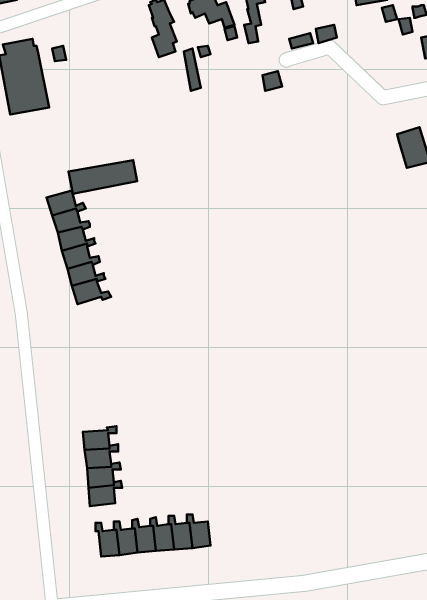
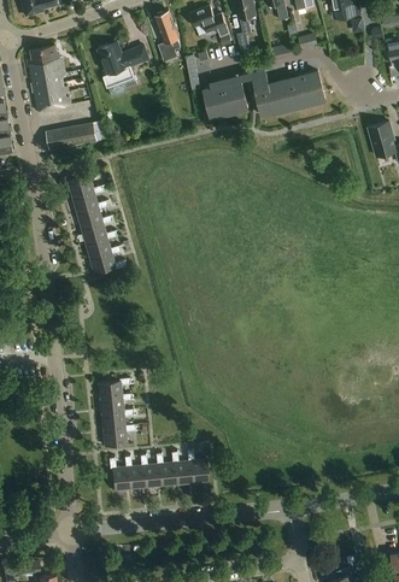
building: none -> [96,41,148,89]
building: none -> [257,71,325,117]
building: none -> [204,81,248,119]
building: [68,160,137,194] -> [45,123,104,152]

